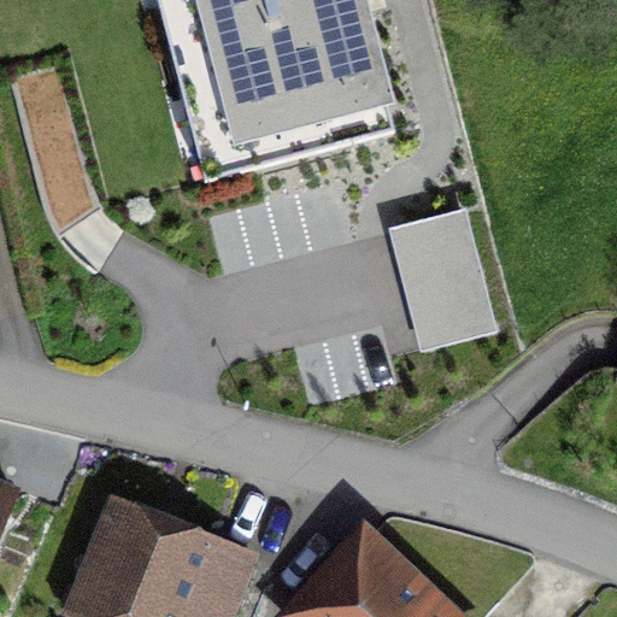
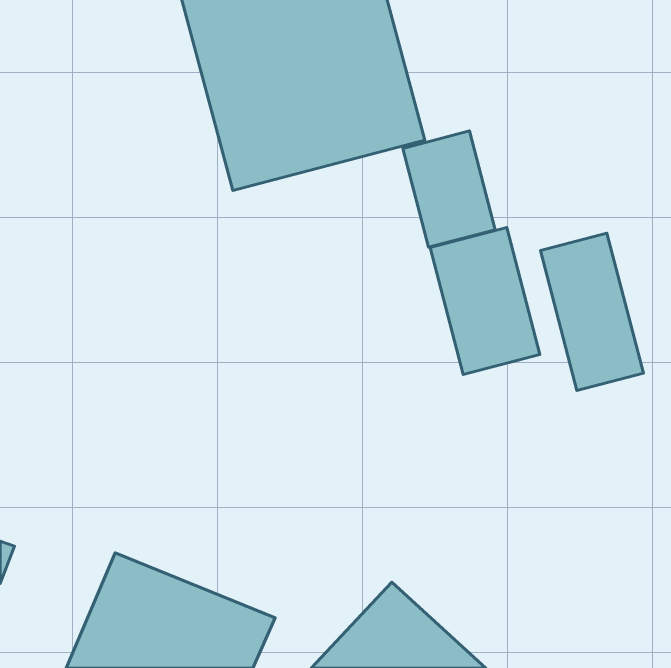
building: none -> [403,131,495,247]
building: none -> [540,233,643,391]

